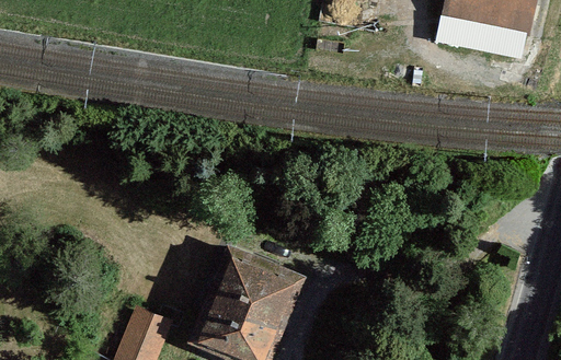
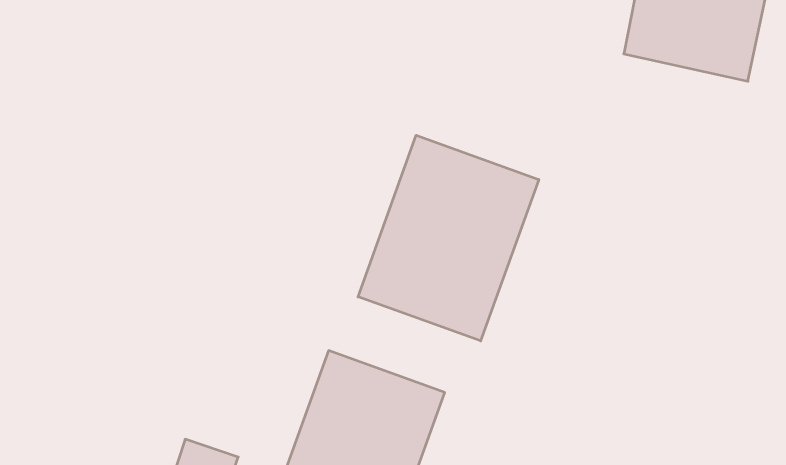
building: none -> [358,135,539,341]

